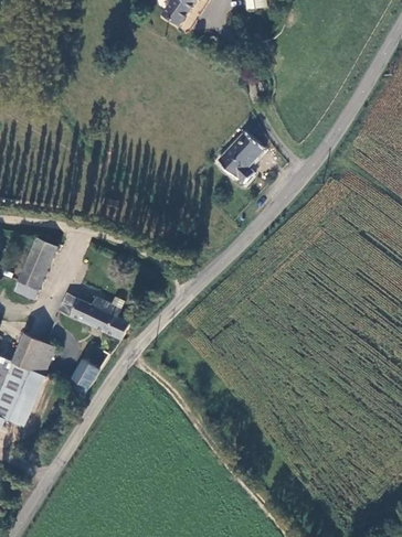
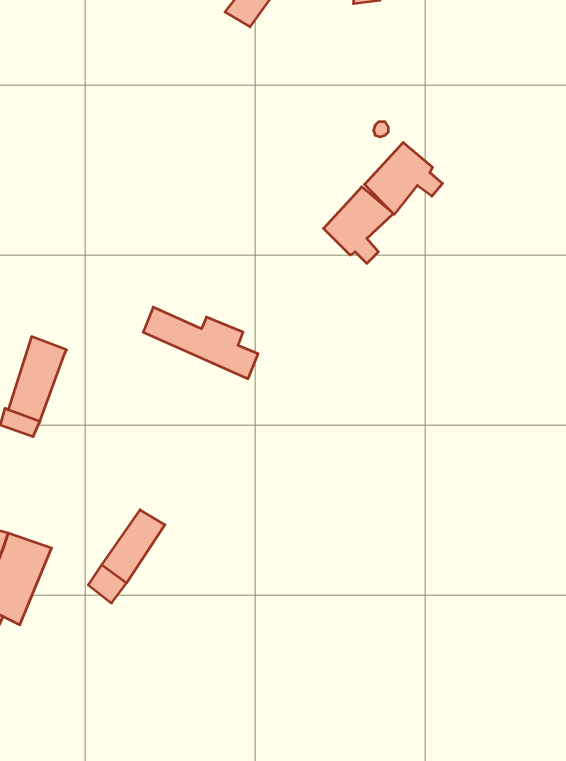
building: none -> [364,142,443,214]
building: [60,289,136,336] -> [143,307,258,379]
building: [15,333,57,372] -> none

